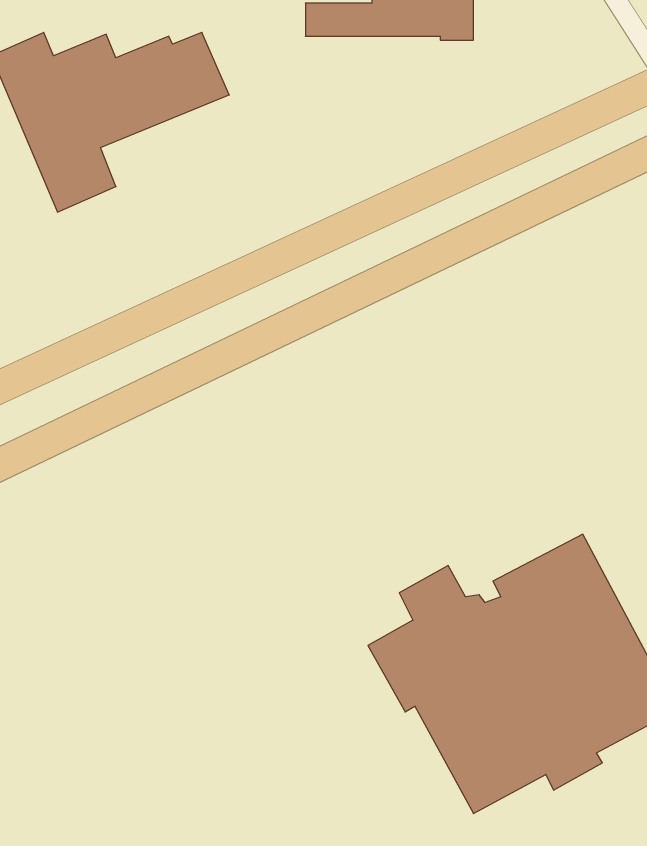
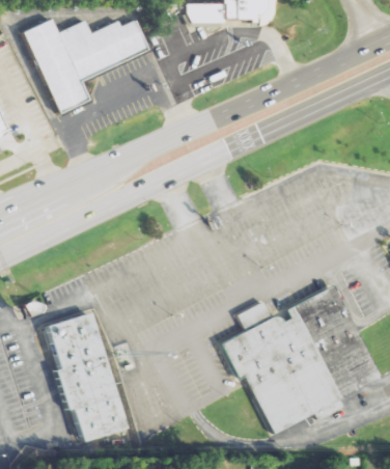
building: none -> [48,307,129,443]

